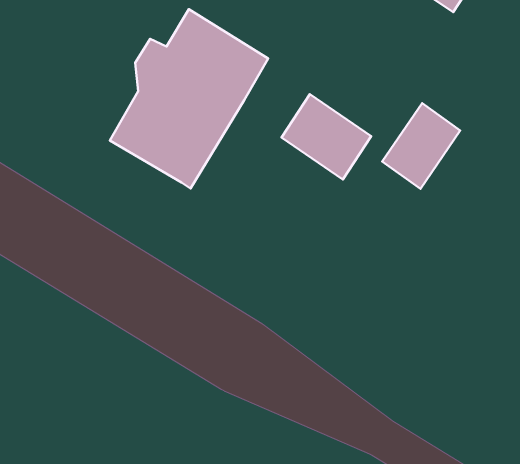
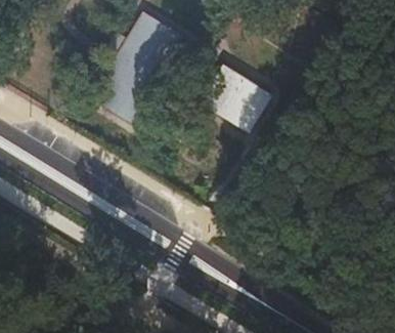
building: [382,103,460,189] -> none

